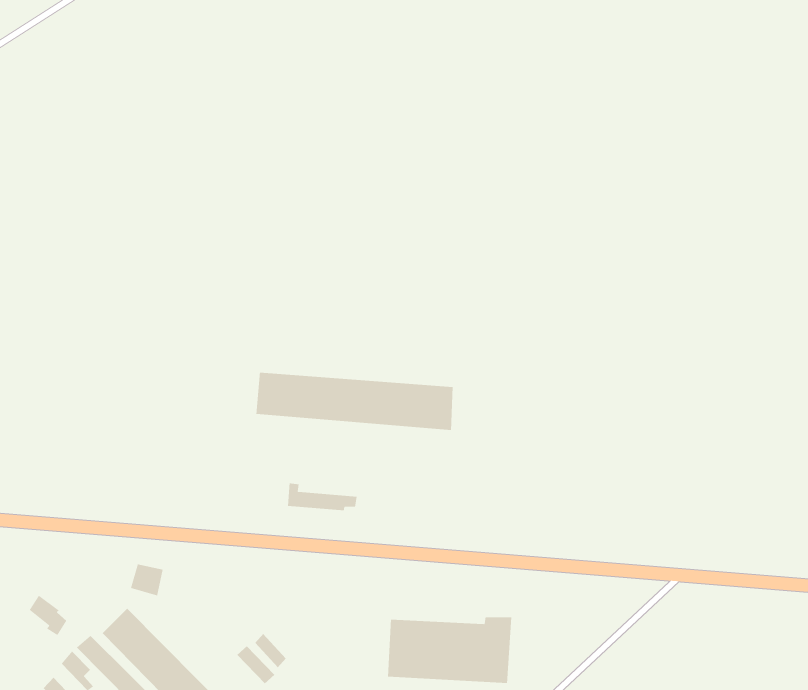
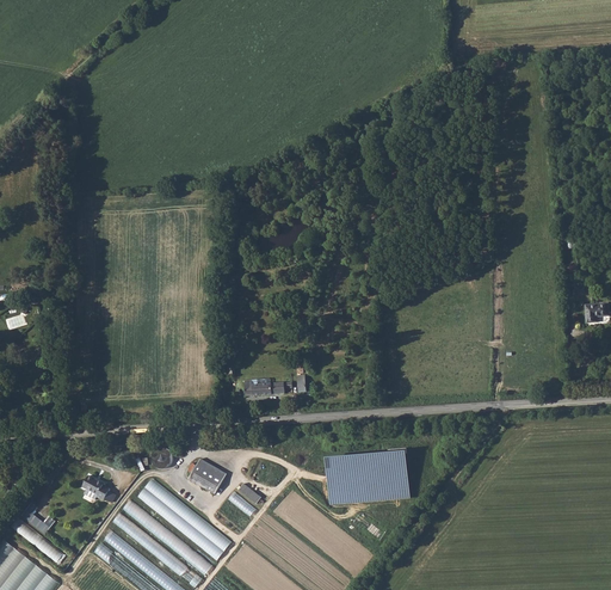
building: [256,372,453,431] -> none
building: none -> [190,462,228,493]

